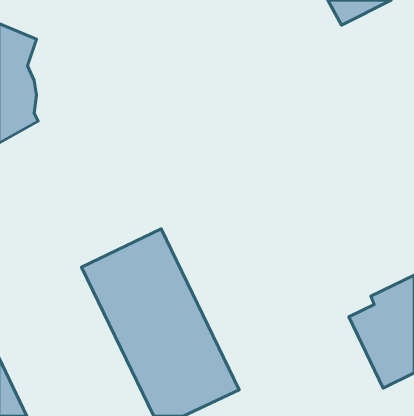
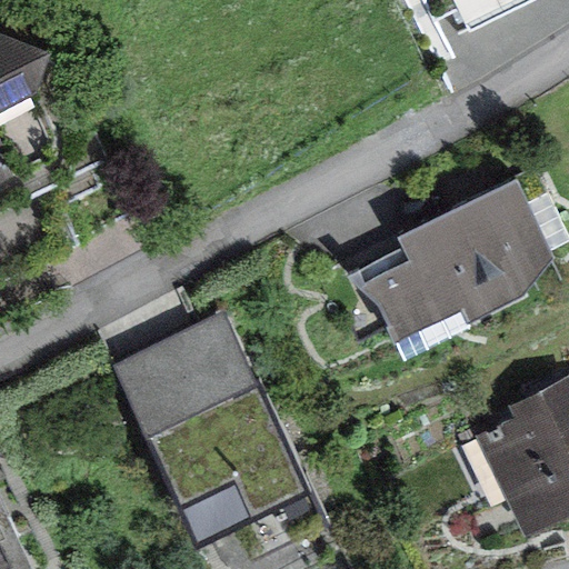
building: none -> [365,178,561,339]

